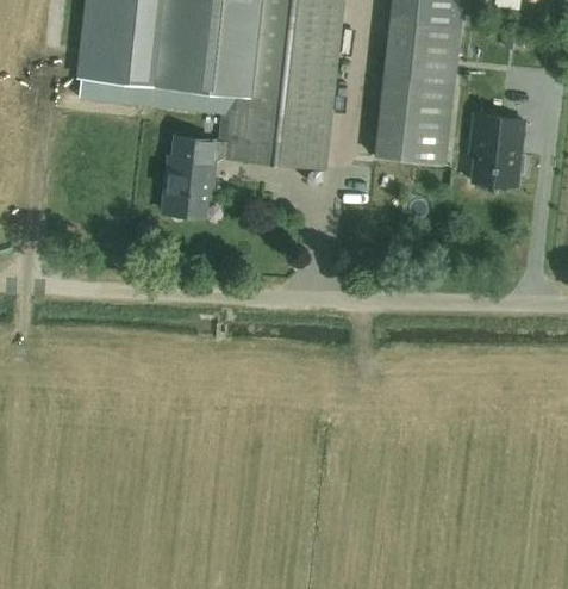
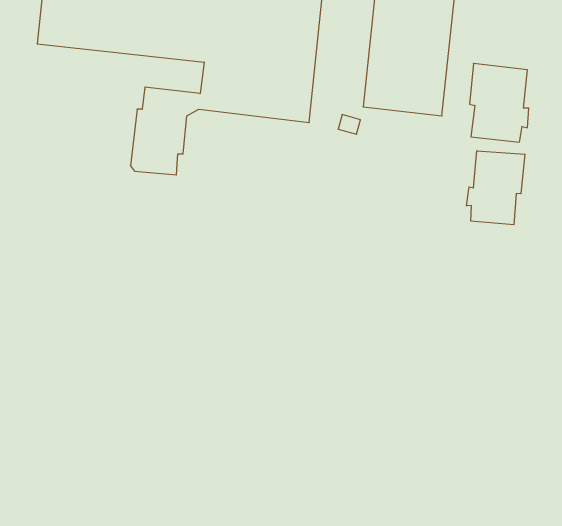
building: none -> [467,151,525,225]

